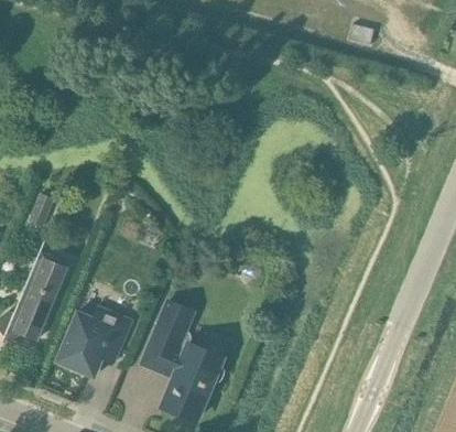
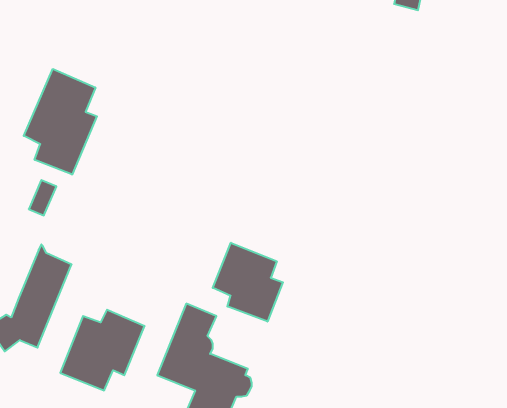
building: none -> [24,69,97,175]
building: none -> [213,243,283,322]

